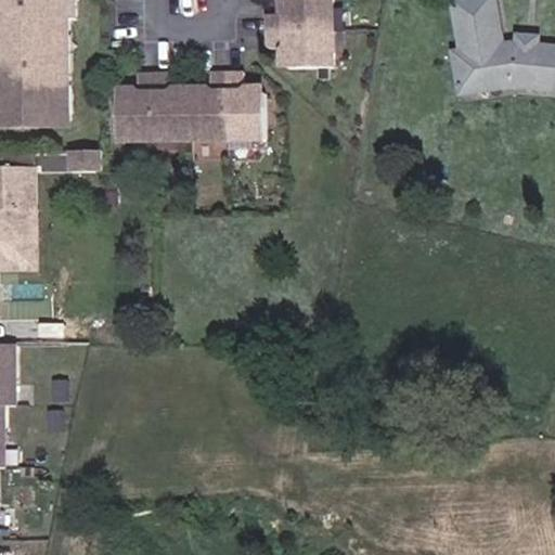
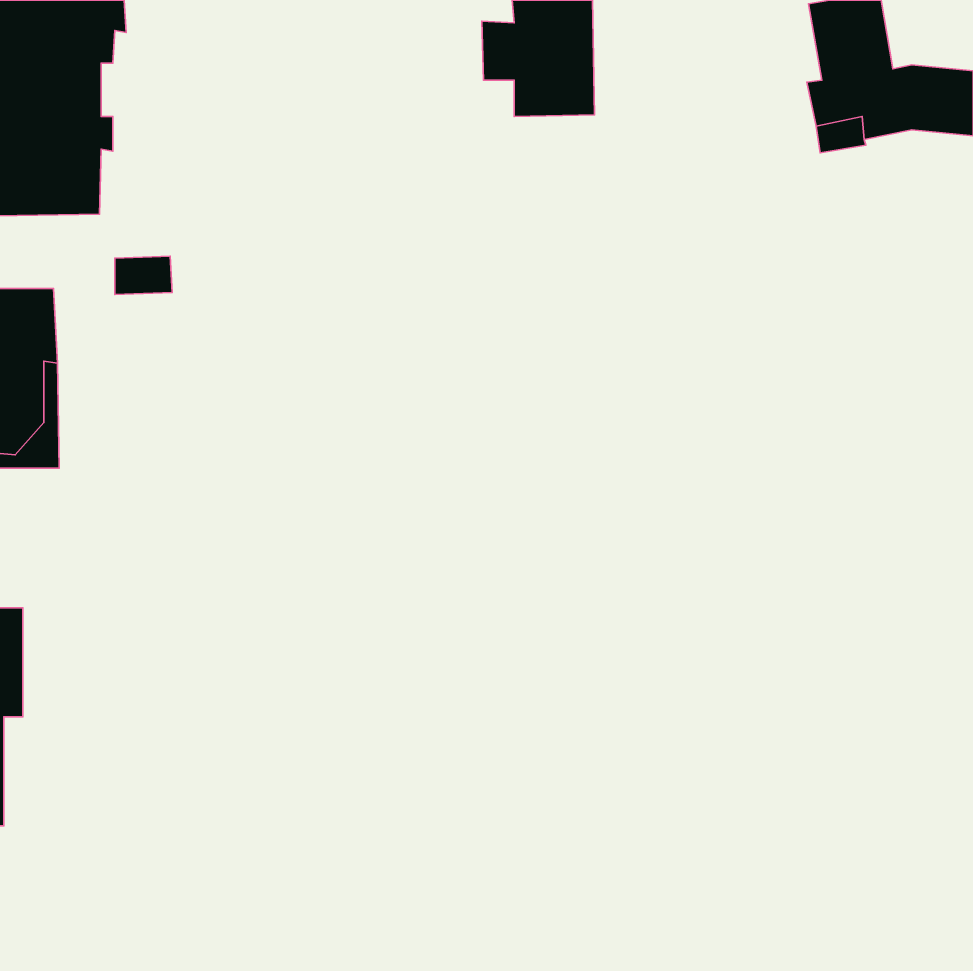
building: [113,73,266,139] -> none

